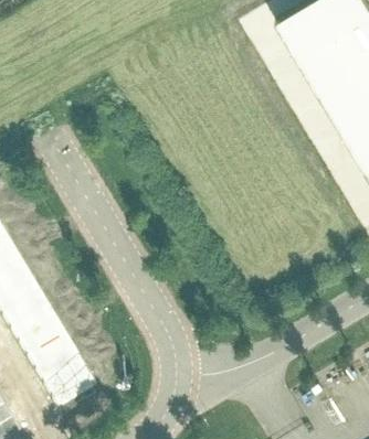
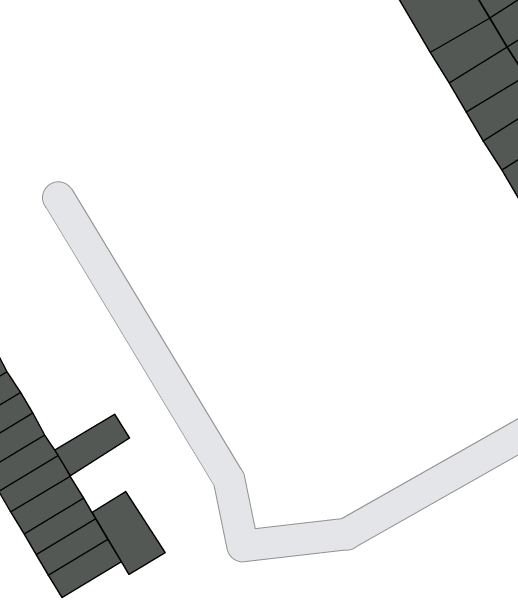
building: none -> [55,414,130,476]
building: none -> [92,491,165,574]

